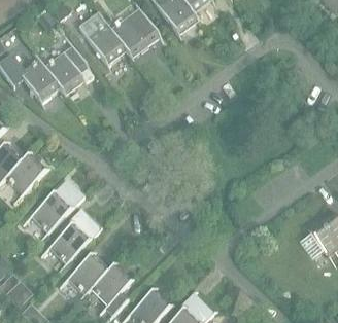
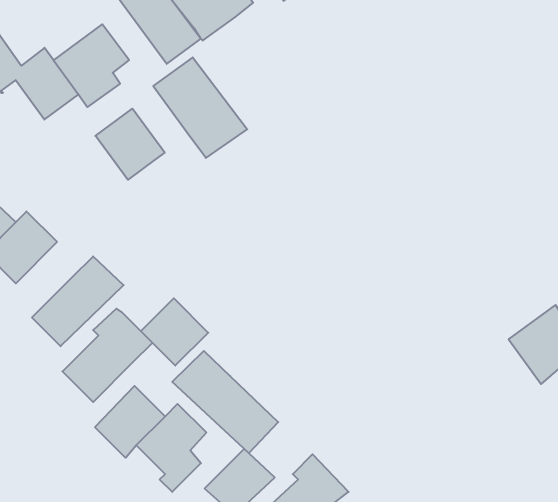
building: none -> [153,57,247,158]
building: none -> [95,109,165,180]
building: none -> [141,298,208,366]
building: none -> [172,351,278,453]

